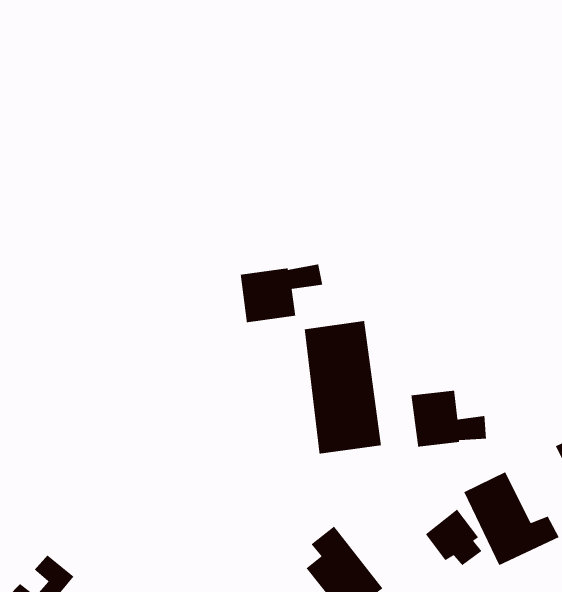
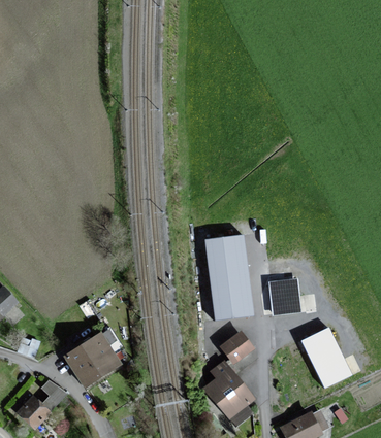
building: [240,264,323,323] -> none
building: none -> [64,334,119,386]
building: [425,509,483,566] -> [220,332,255,367]

